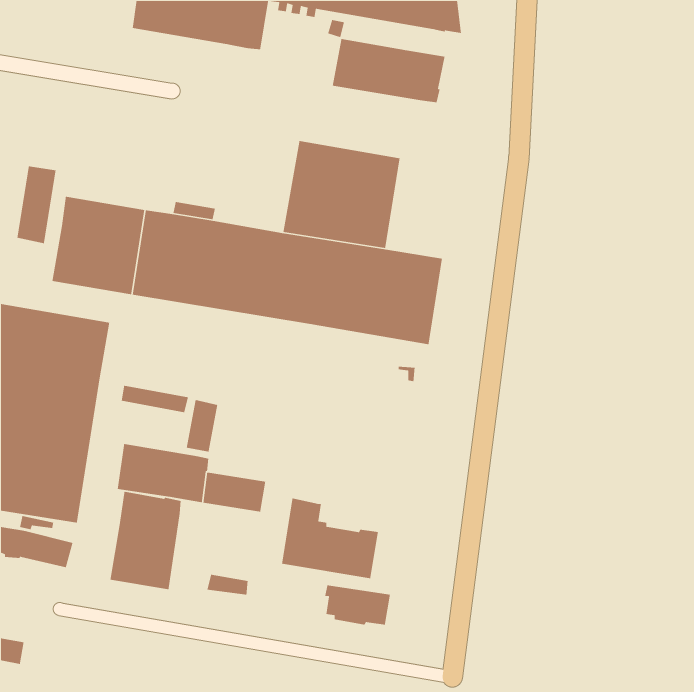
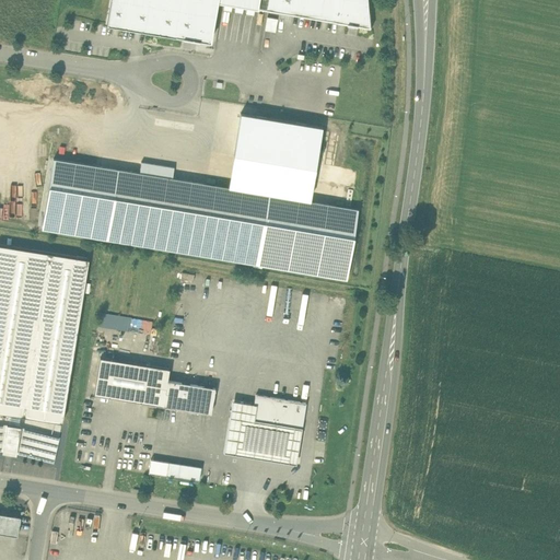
building: [332,38,446,103] -> none
building: [17,166,56,244] -> none
building: [186,399,218,452] -> none
building: [110,491,182,590] -> none
building: [324,585,391,625] -> [256,397,310,430]

